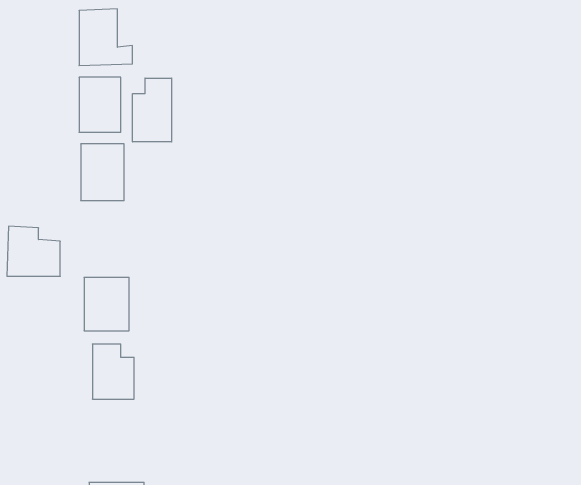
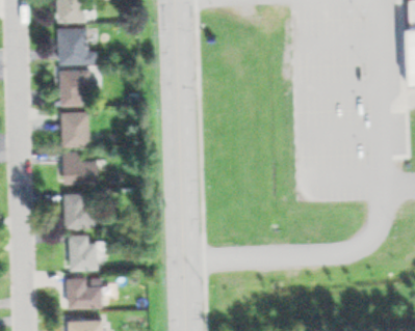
building: [133,78,172,142] -> none
building: [7,226,60,276] -> [63,153,97,184]
building: none -> [68,280,101,307]

